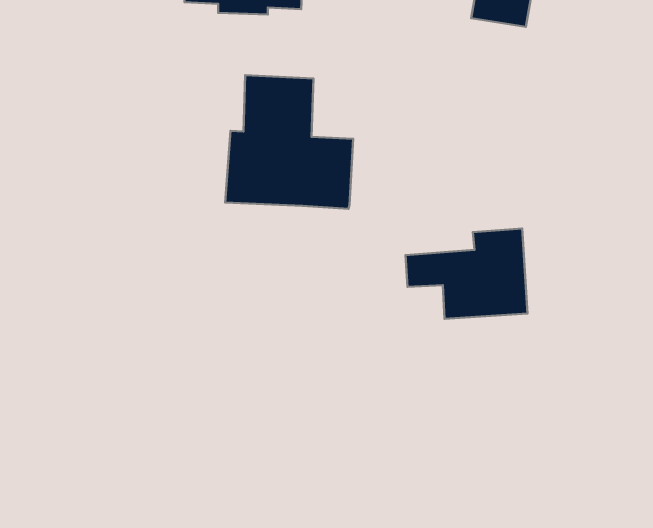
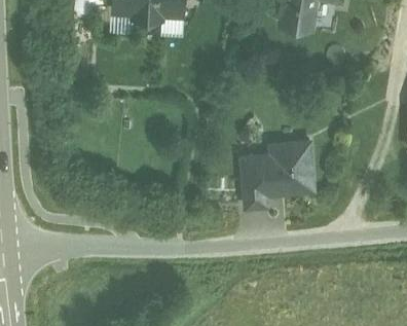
building: [225,75,353,209] -> none
building: none -> [244,176,266,209]

